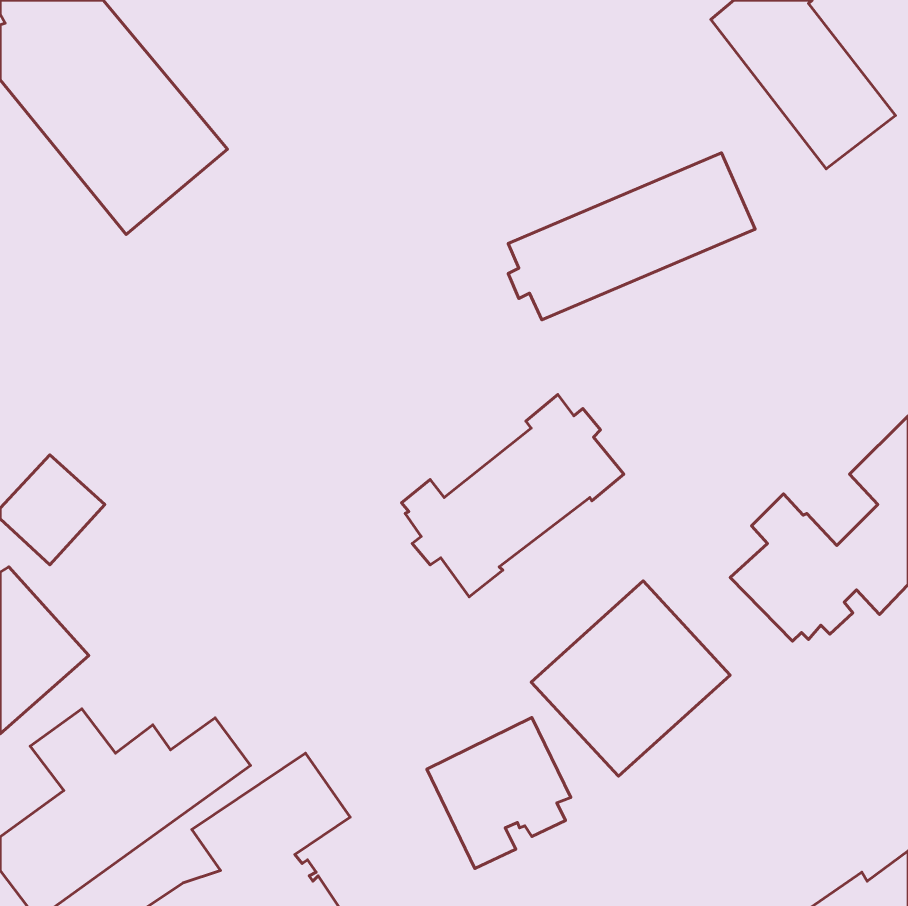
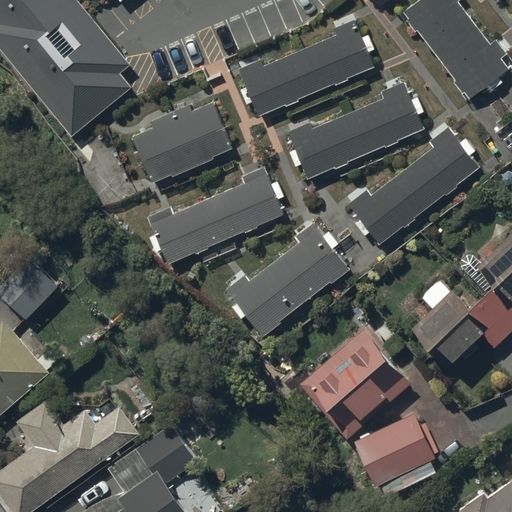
building: none -> [240,27,369,117]
building: none -> [134,109,231,185]
building: none -> [350,132,481,247]
building: none -> [148,173,281,267]
building: [427,718,571,869] -> [356,412,437,497]

